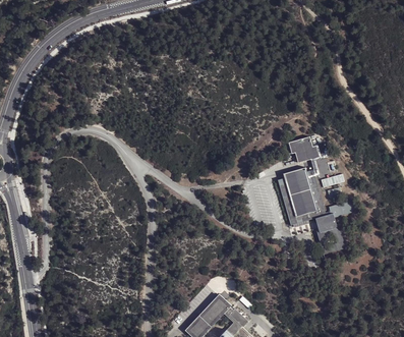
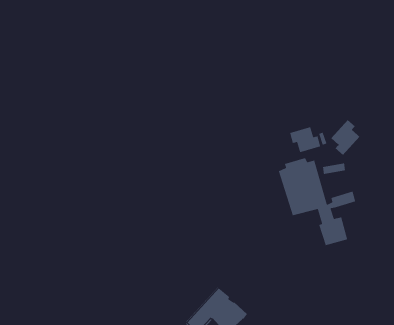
building: none -> [331,119,360,156]

